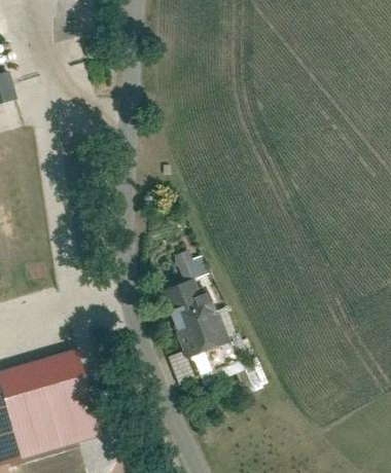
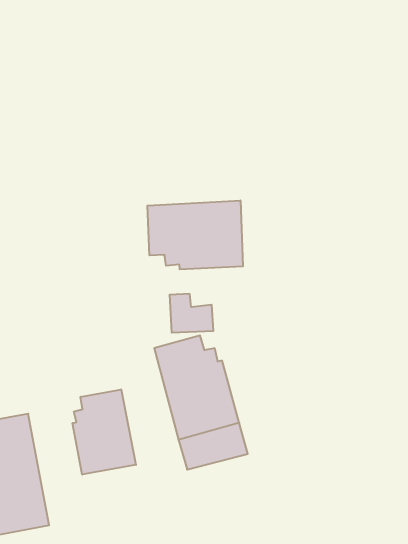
building: none -> [147,200,243,269]
building: none -> [73,389,136,475]

